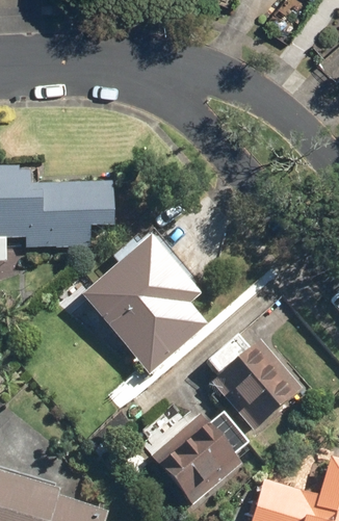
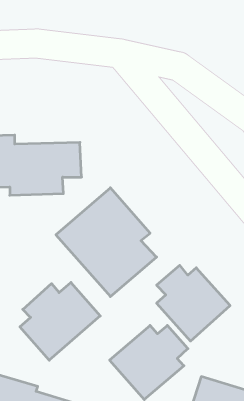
building: none -> [20,282,100,360]

